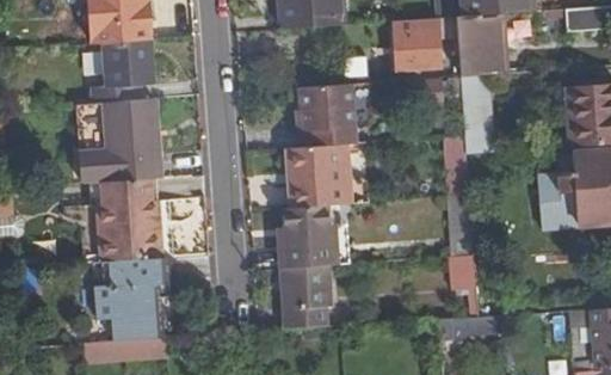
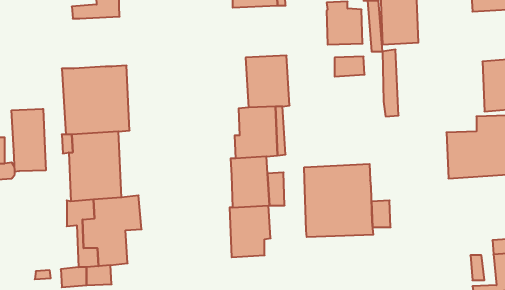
building: [93,39,150,102] -> none
building: none -> [12,109,46,172]
building: none -> [304,164,373,237]

